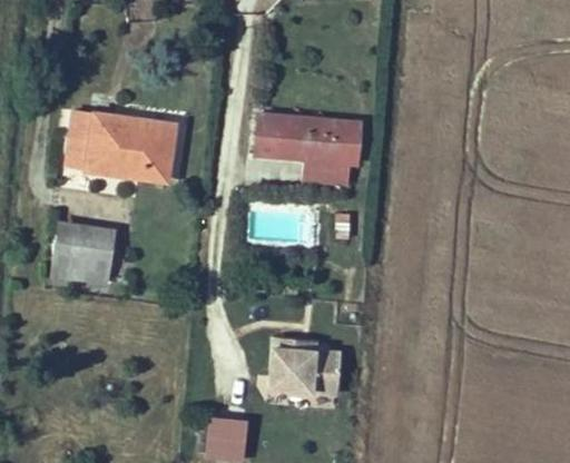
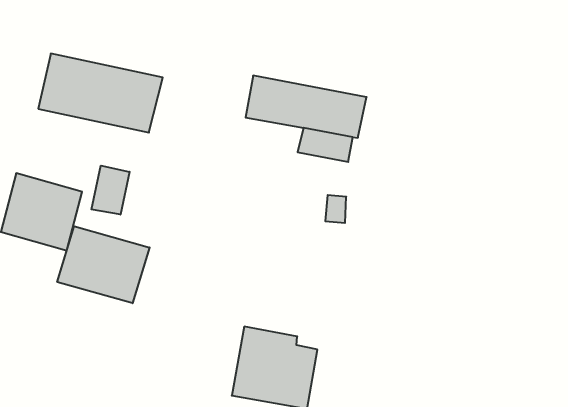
building: none -> [91,166,130,215]
building: none -> [57,226,150,303]

